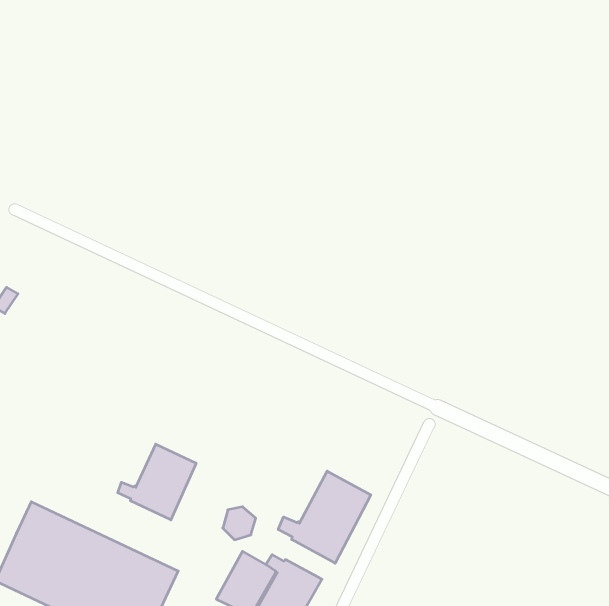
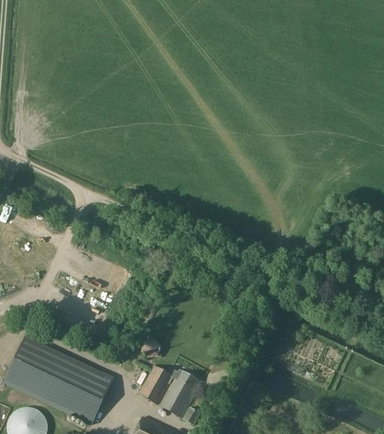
building: [118,444,196,520] -> none
building: [278,471,371,563] -> none

